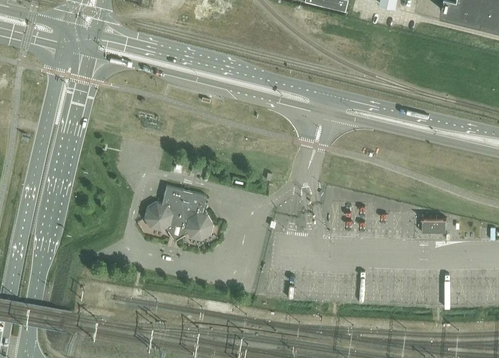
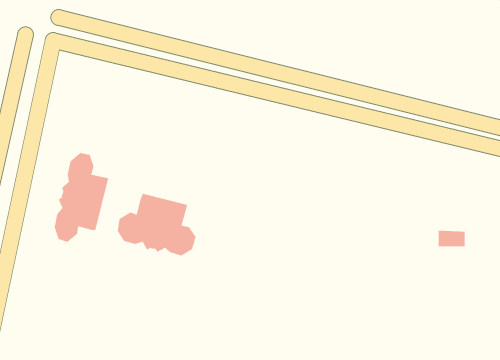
building: none -> [54,152,109,243]

